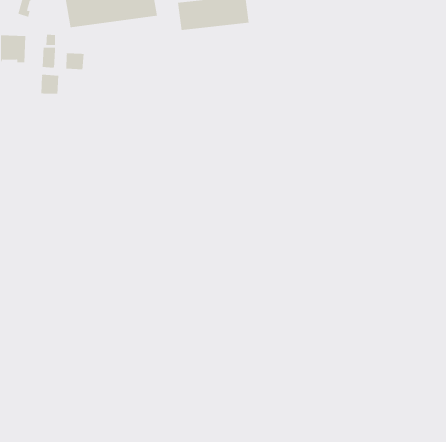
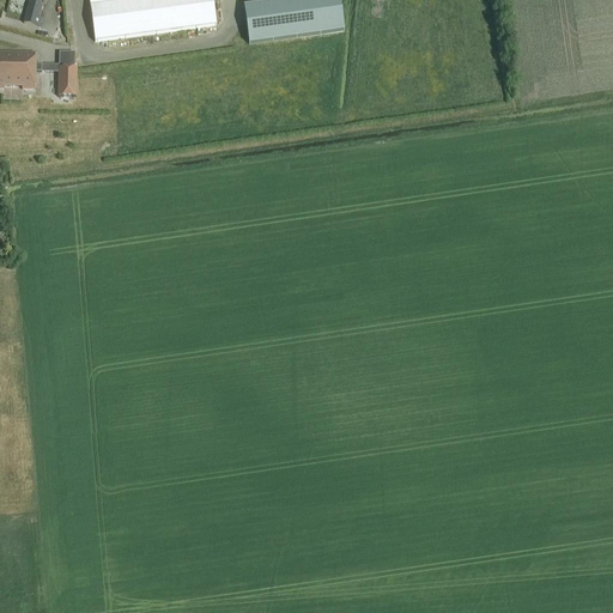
building: [66,53,84,70] -> none
building: [41,74,59,94] -> none

